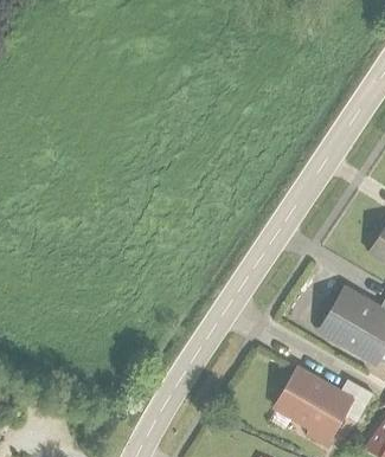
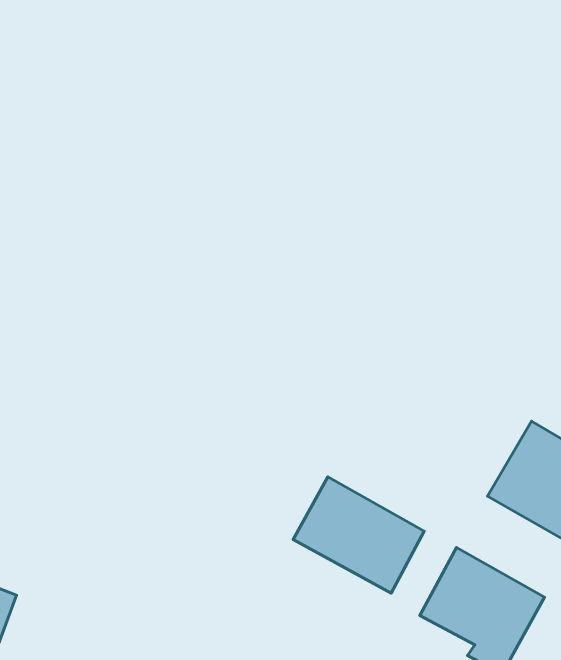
building: none -> [293,477,424,593]

